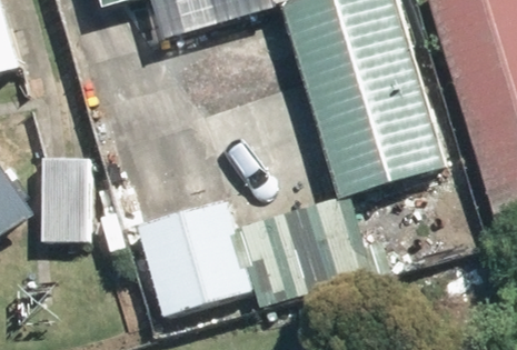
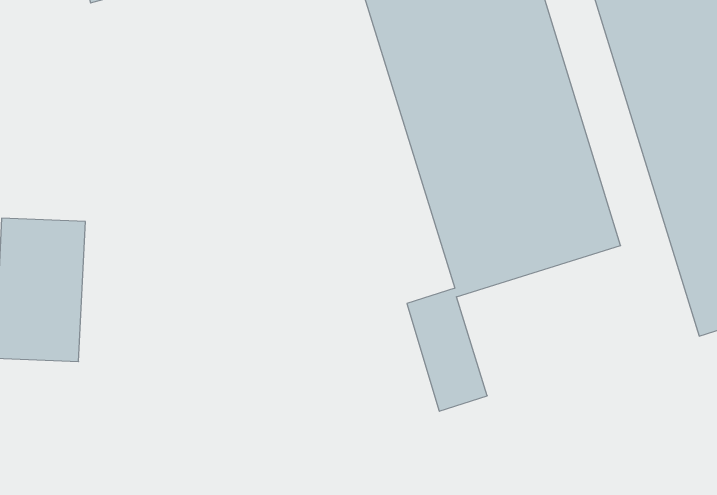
building: [138,200,252,314] -> none

